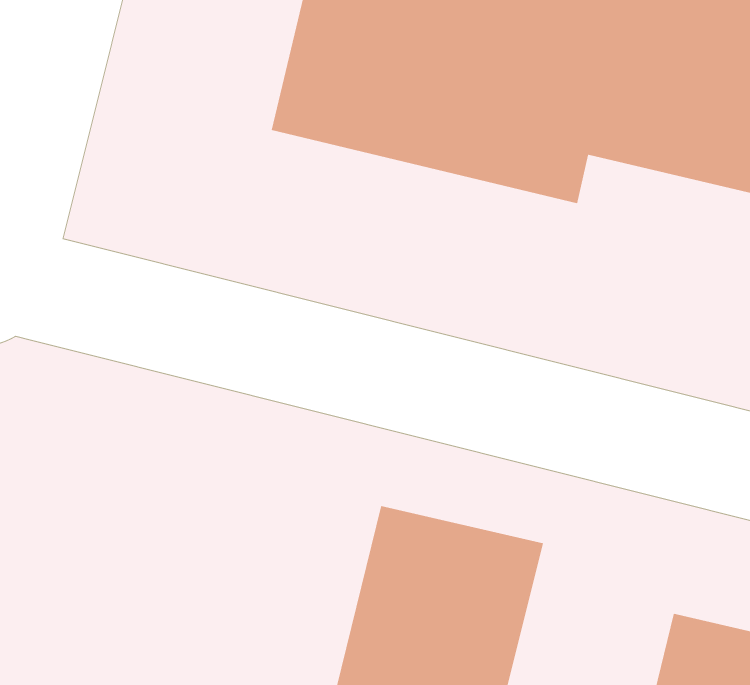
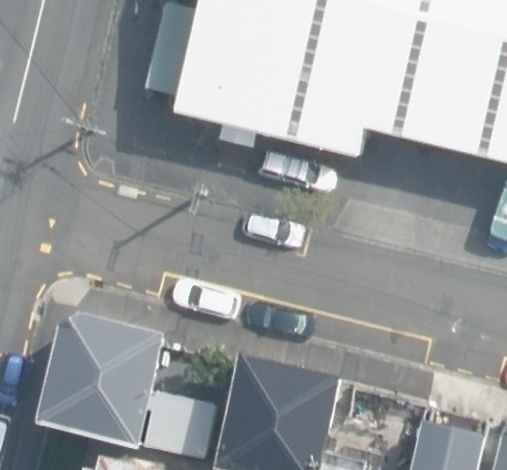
building: none -> [48,313,210,456]

